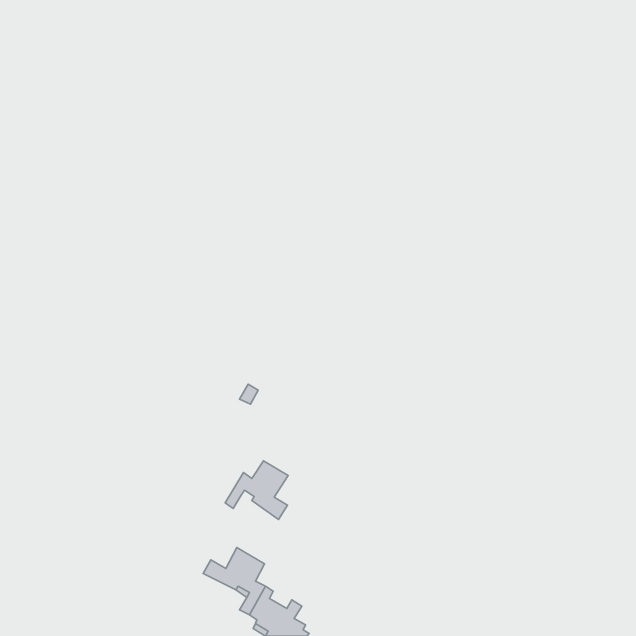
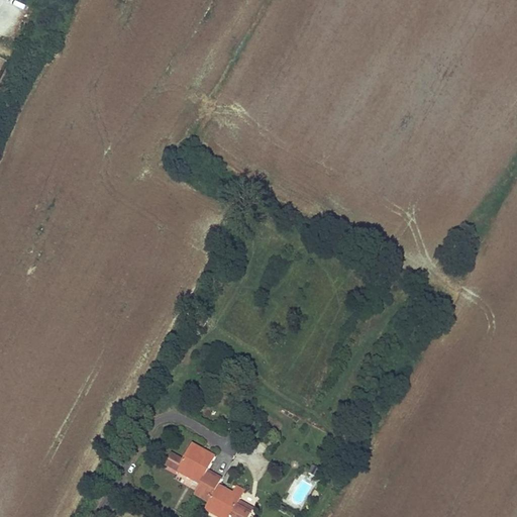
building: [225,461,288,520] -> none

